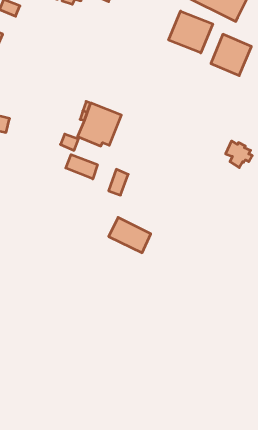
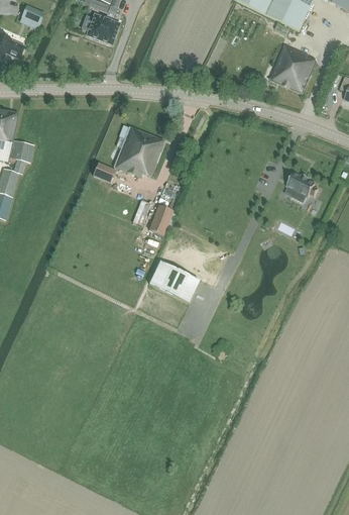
building: none -> [87,13,120,43]
building: [169,11,213,53] -> none
building: [66,155,97,179] -> none

